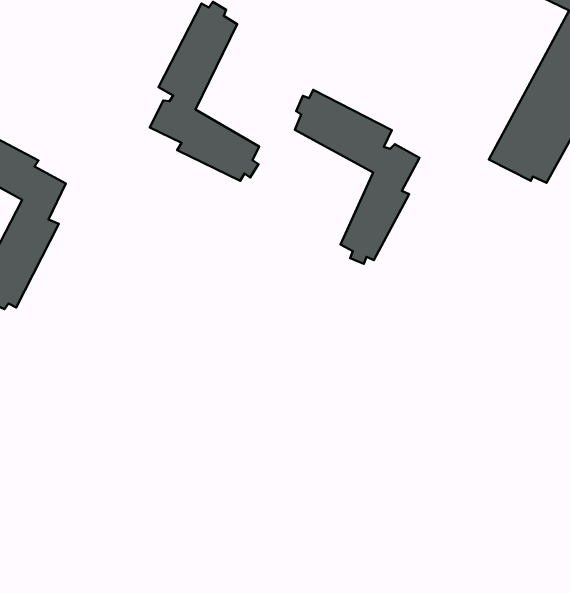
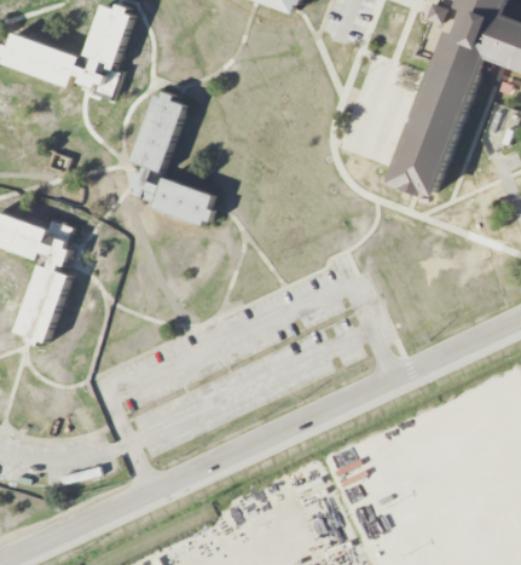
building: [295,90,420,264] -> none

